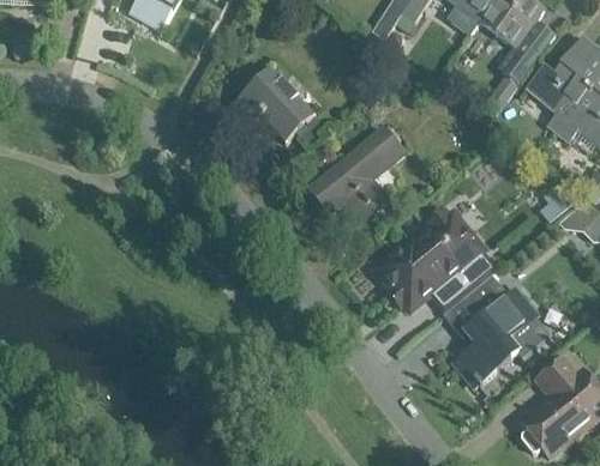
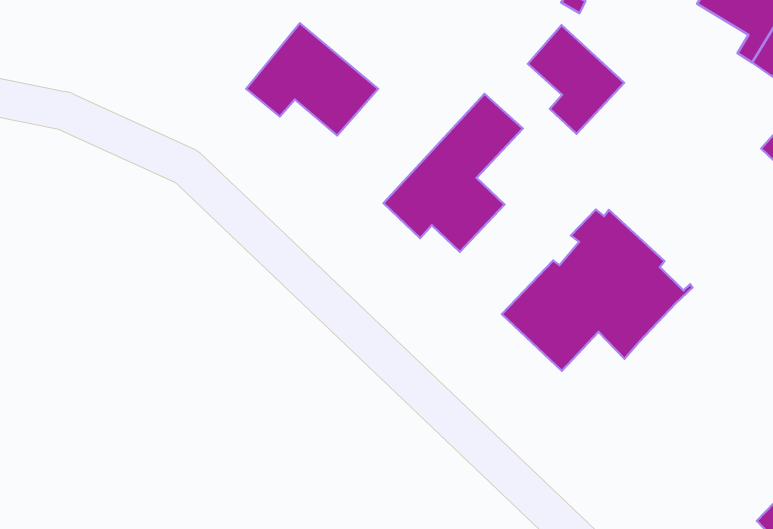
building: none -> [528,25,624,134]
building: [451,276,538,387] -> none

